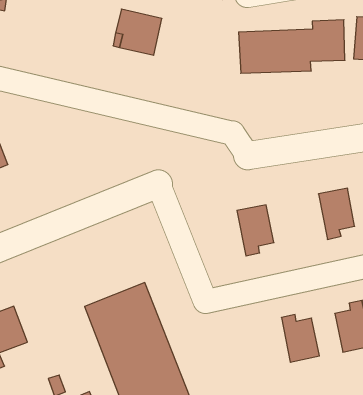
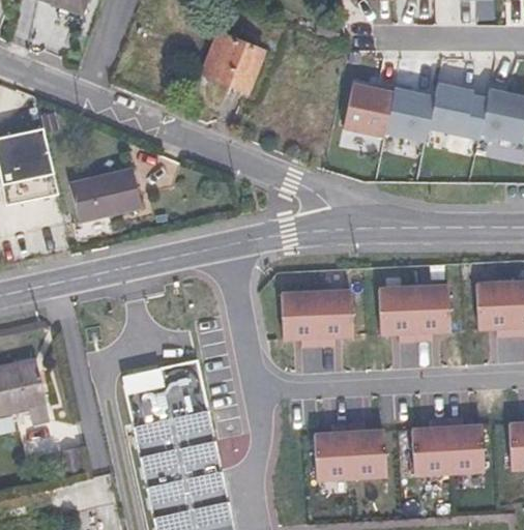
building: none -> [69,170,142,223]
building: none -> [379,286,416,341]
building: none -> [281,290,318,345]
building: none -> [313,423,350,479]

